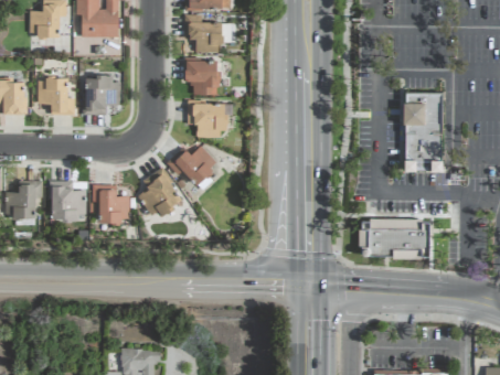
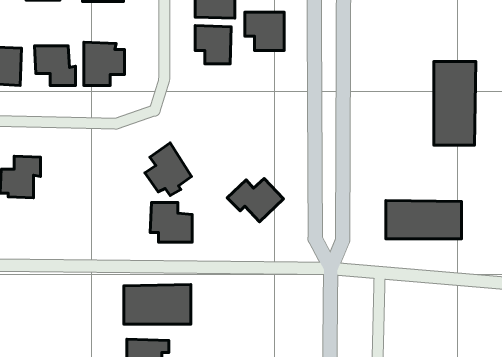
building: [189,103,225,138] -> [245,12,284,51]
building: [167,146,219,185] -> [227,179,283,222]
building: [51,181,87,221] -> none
building: [92,185,130,222] -> [150,203,192,242]
building: none -> [124,285,191,324]

